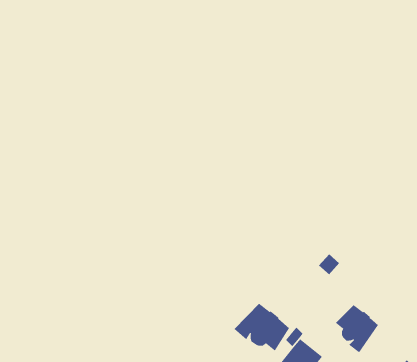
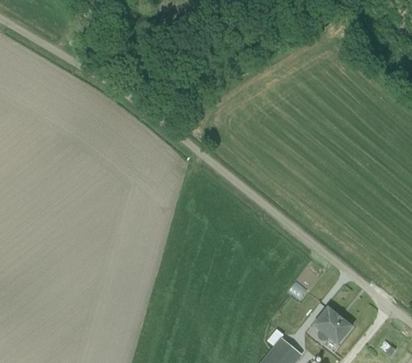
building: [234,303,290,351] -> none

